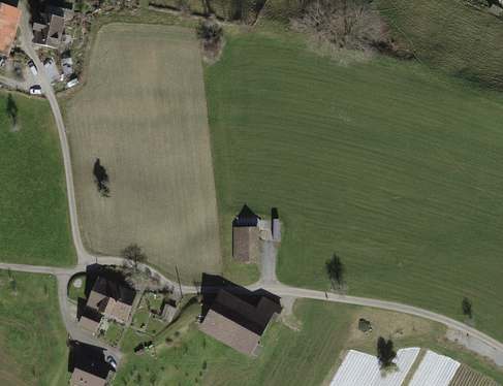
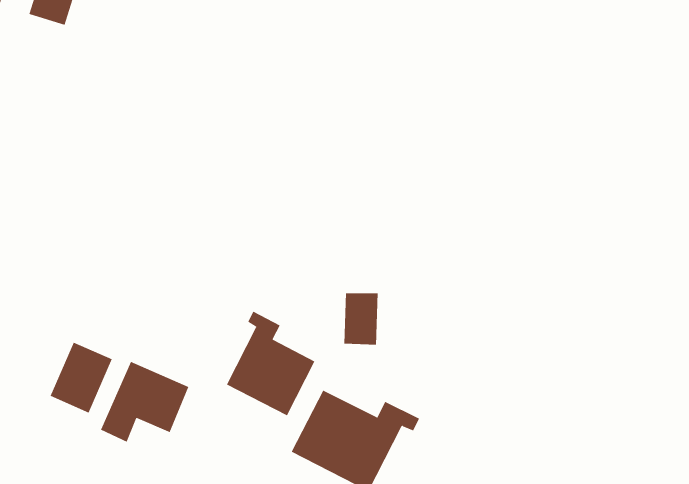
building: none -> [226,311,315,416]
building: none -> [50,342,112,413]

